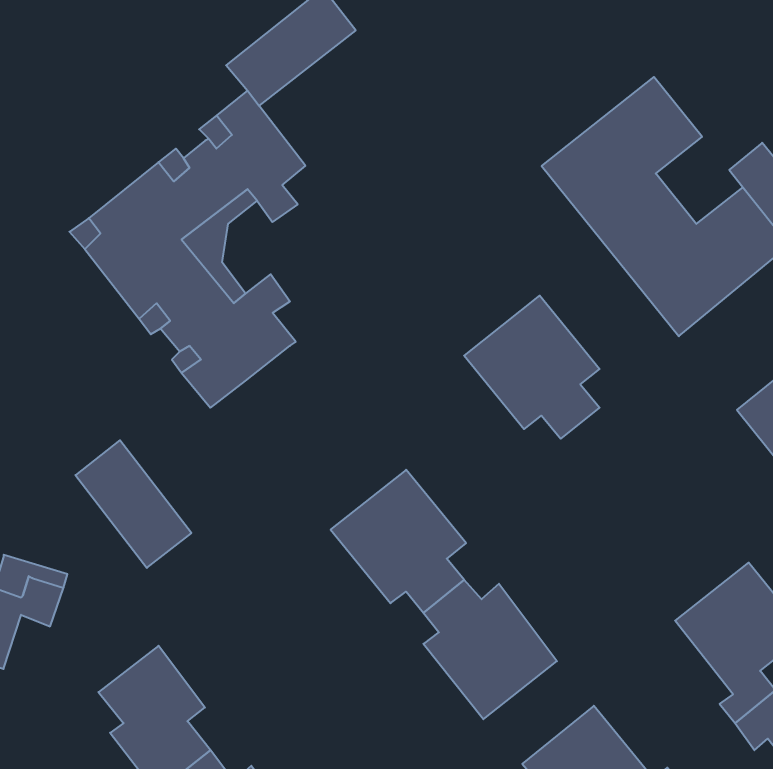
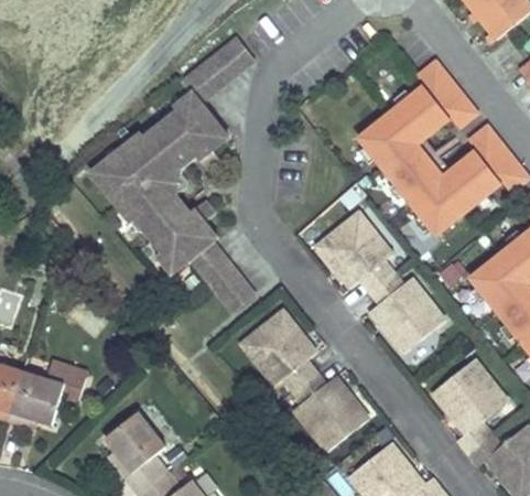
building: none -> [415,60,477,129]
building: none -> [370,274,446,355]
building: [75,440,191,568] -> [191,239,257,312]

